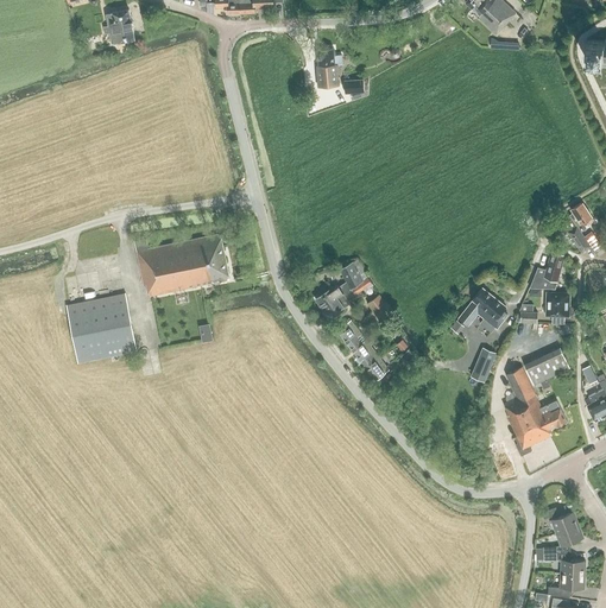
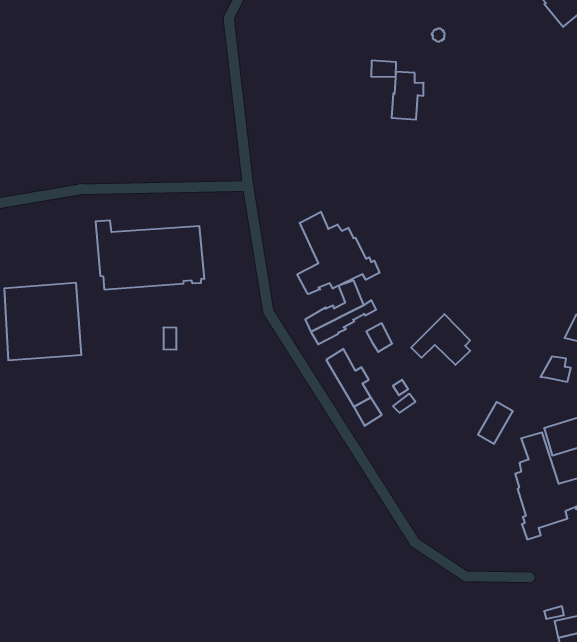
building: [317,48,342,87] -> [392,72,424,120]
building: none -> [297,212,379,294]
building: [459,287,507,328] -> [411,314,470,365]

